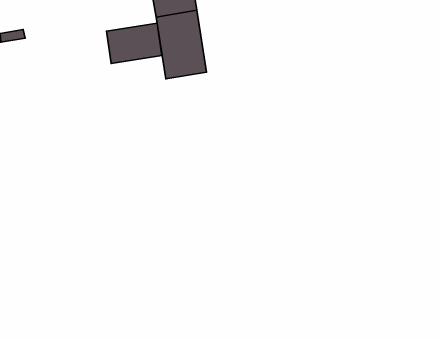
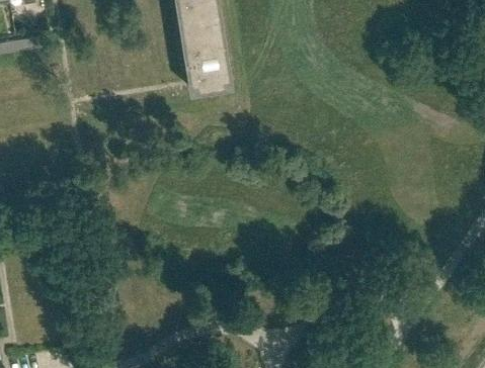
building: [107,23,162,63] -> none

